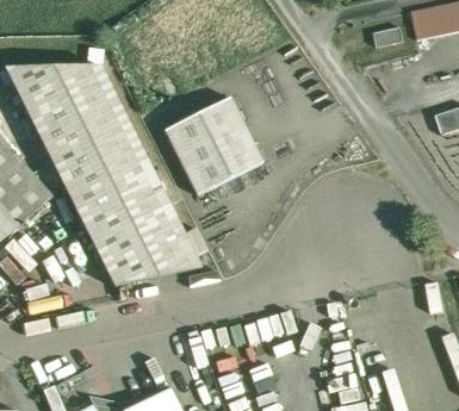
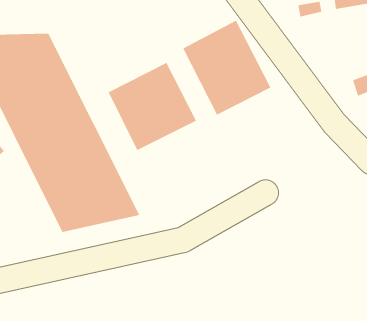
building: none -> [183,20,271,116]

